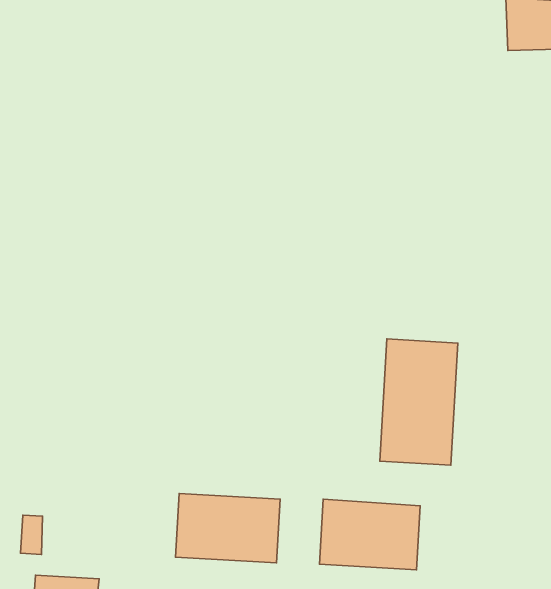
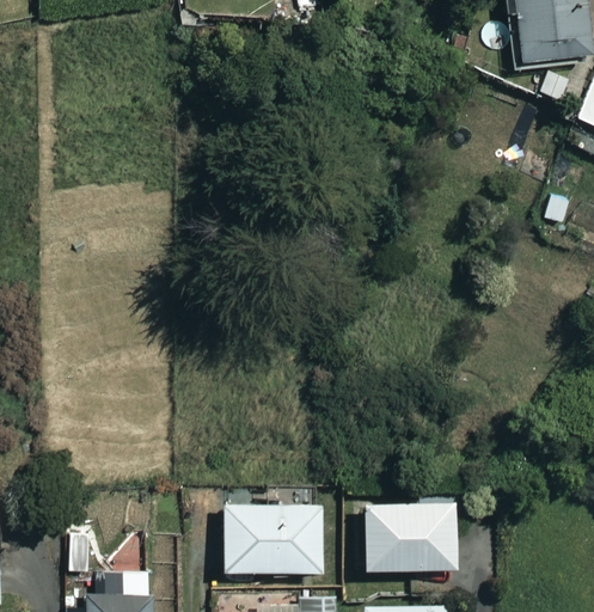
building: [380,339,458,465] -> none

